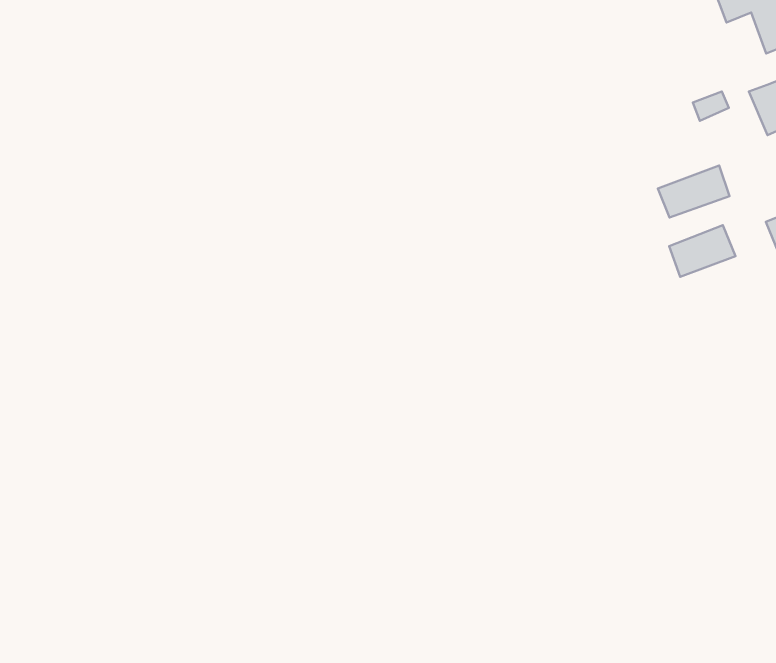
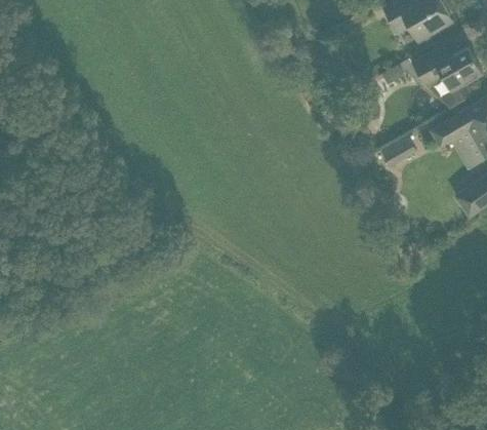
building: [658,166,729,218] -> none

